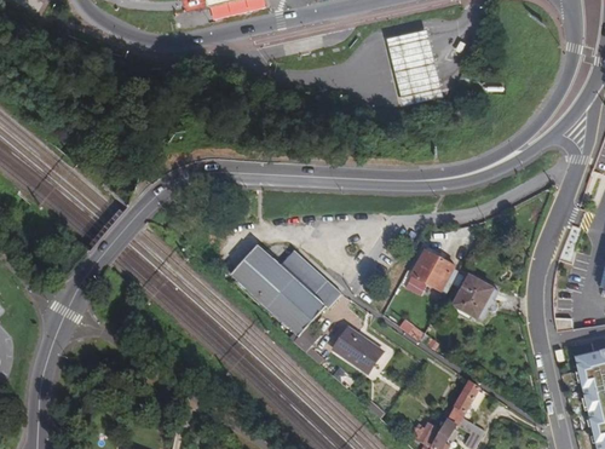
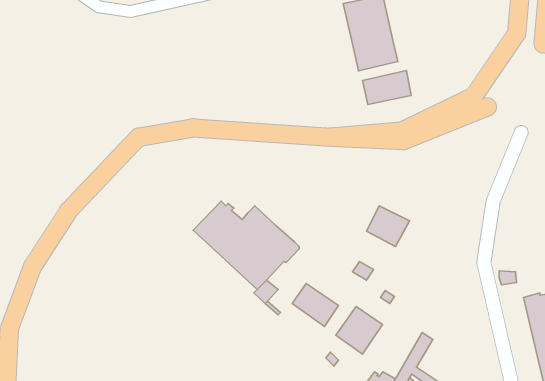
building: none -> [363,71,411,104]
building: [451,275,497,321] -> none
building: none -> [336,307,382,354]

